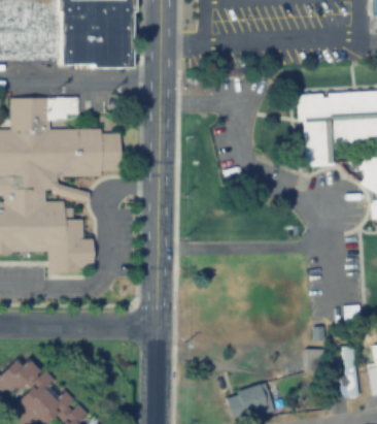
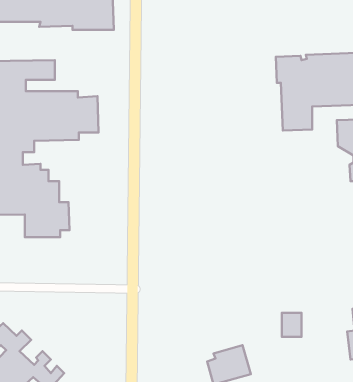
building: [341,346,357,398] -> none

